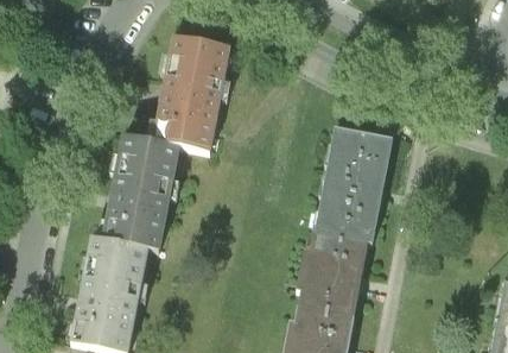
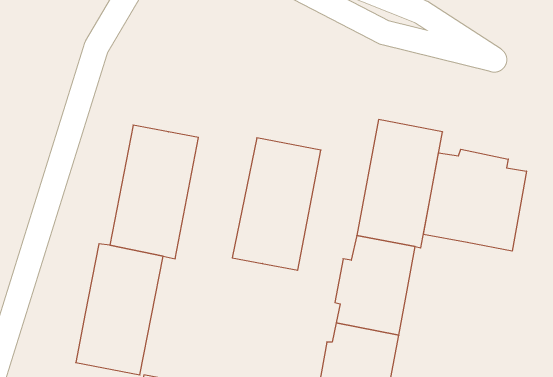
building: [153,32,230,147] -> [232,138,321,270]
building: none -> [424,149,526,251]

